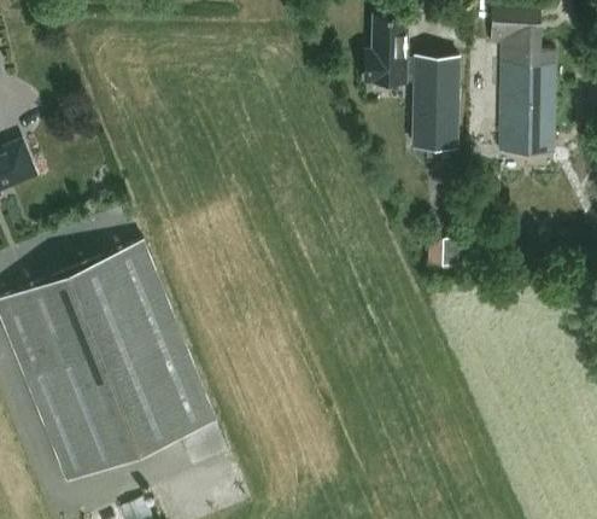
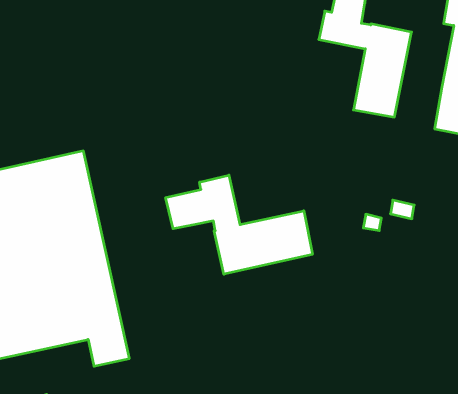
building: none -> [166,175,312,274]

